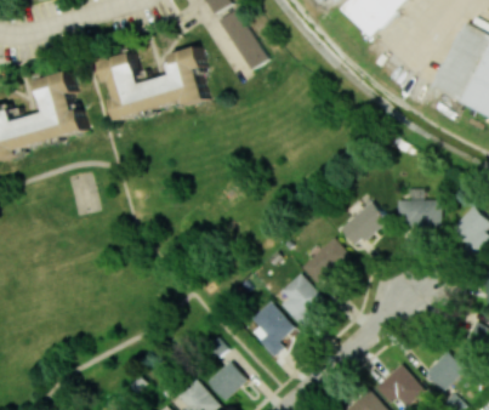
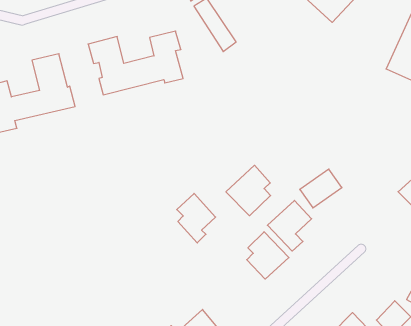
building: none -> [226,165,271,216]
building: [397,199,440,226] -> none
building: [250,300,294,355] -> [177,193,216,243]

